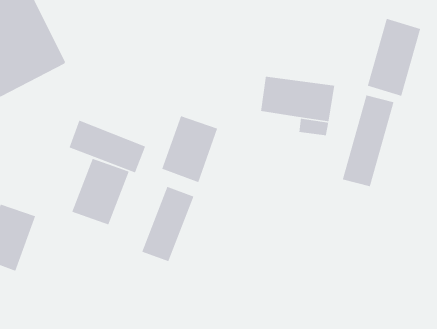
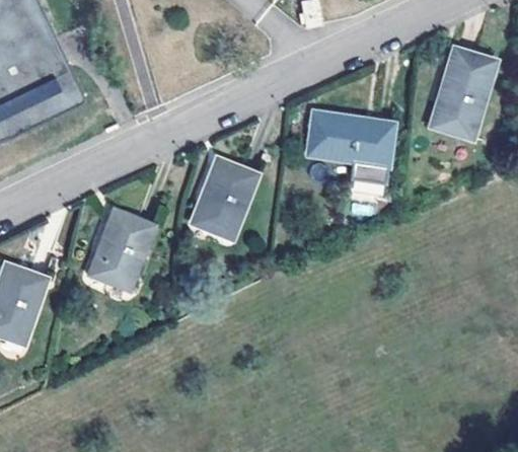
building: [342,95,394,187] -> none
building: [69,119,146,173] -> none
building: [141,186,195,262] -> none

